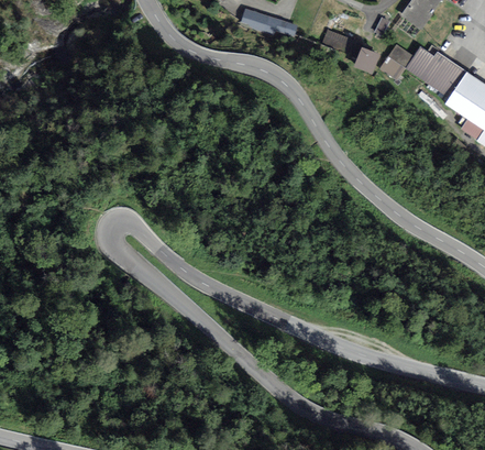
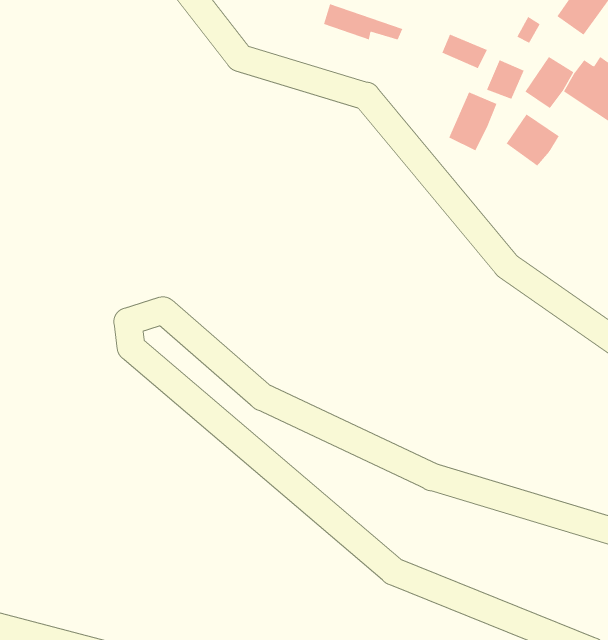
building: none -> [449,91,497,151]
building: none -> [506,113,560,166]

